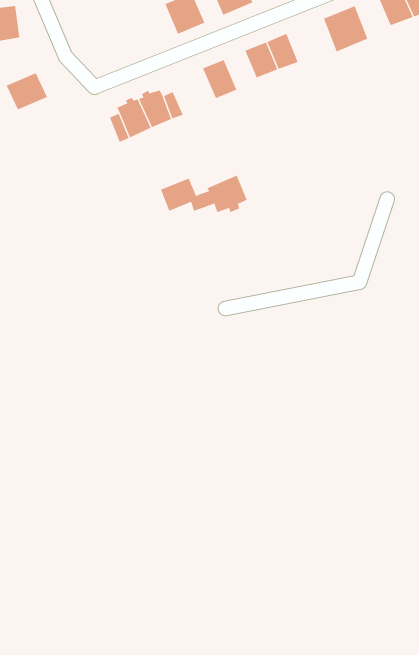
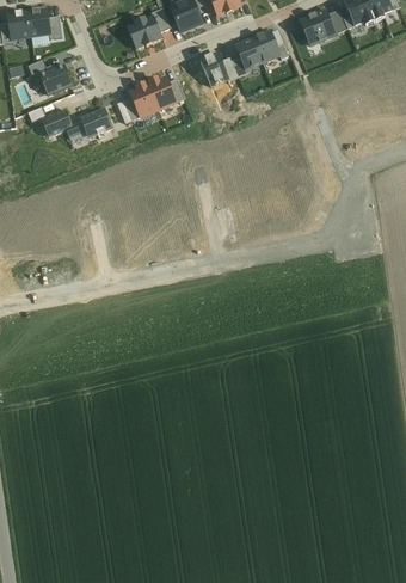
building: none -> [127,16,162,49]
building: [160,175,247,213] -> [42,108,113,139]

